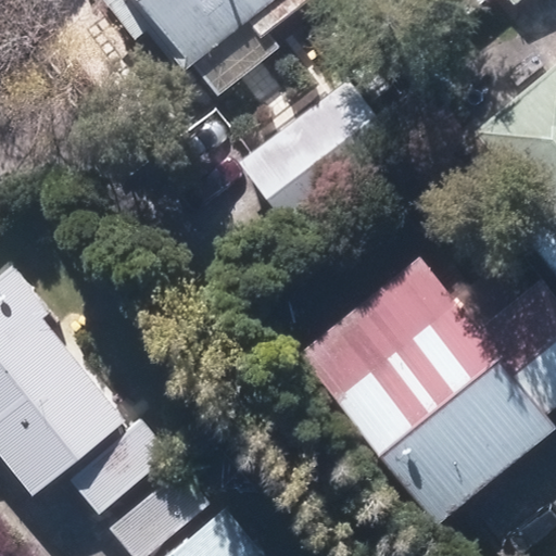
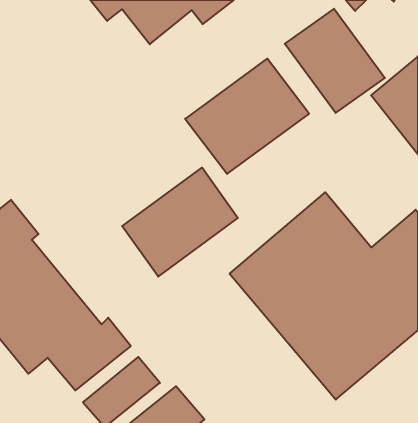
building: none -> [285,9,385,113]
building: none -> [122,168,238,277]

